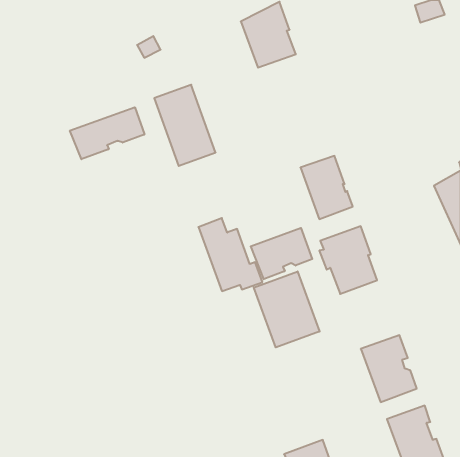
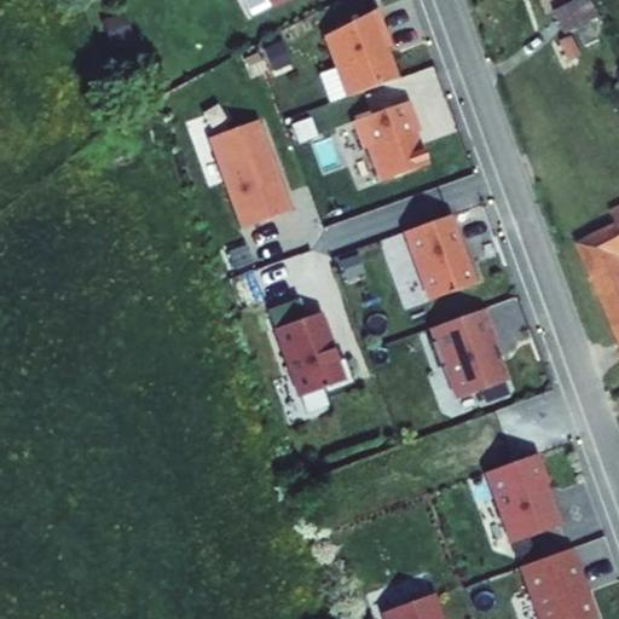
building: none -> [354,99,428,180]
building: [70,107,144,159] -> none
building: [251,228,312,279] -> none
building: [254,271,320,347] -> none

